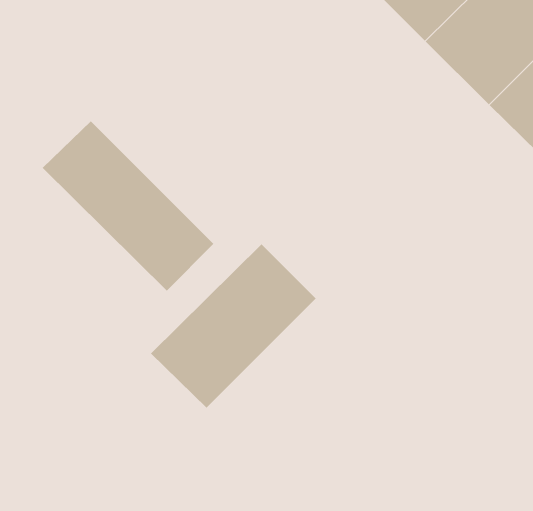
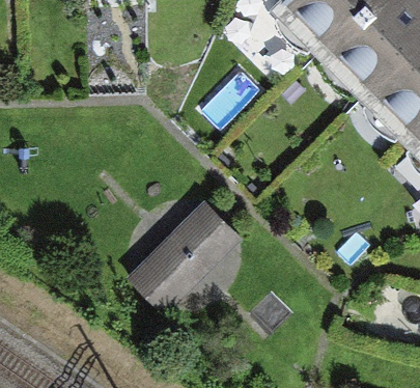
building: [42,121,214,291] -> none

